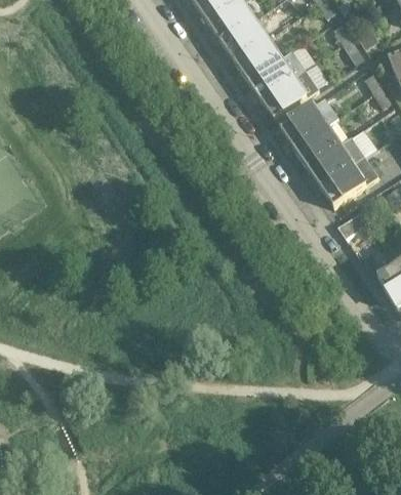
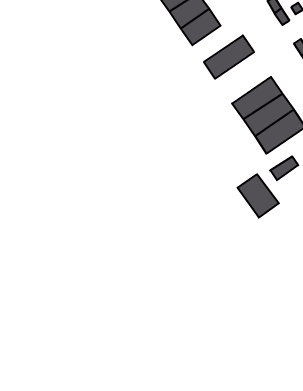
building: [246,45,305,95] -> none
building: [279,92,337,143] -> none
building: none -> [238,174,279,218]

